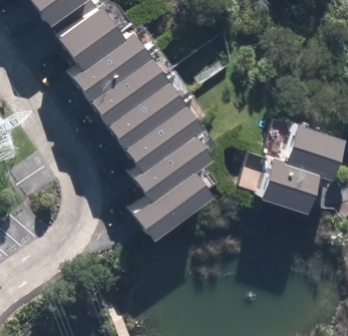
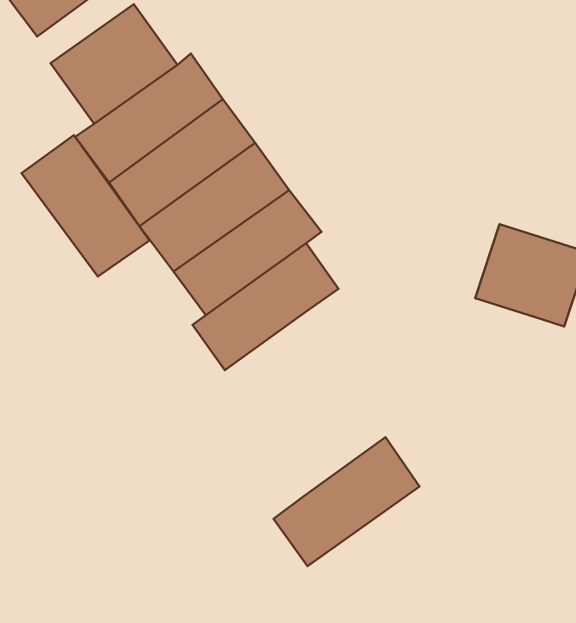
building: none -> [21,135,150,277]
building: [257,155,316,209] -> none
building: [132,166,210,235] -> [274,437,419,566]

